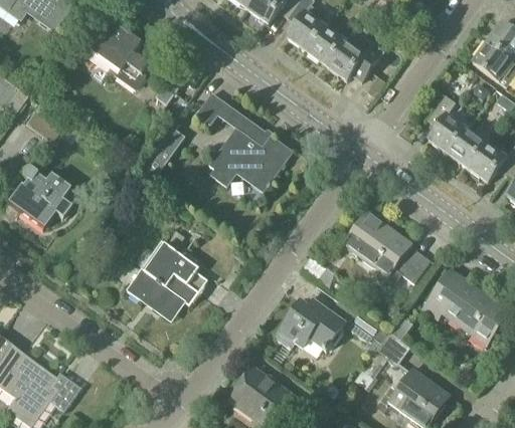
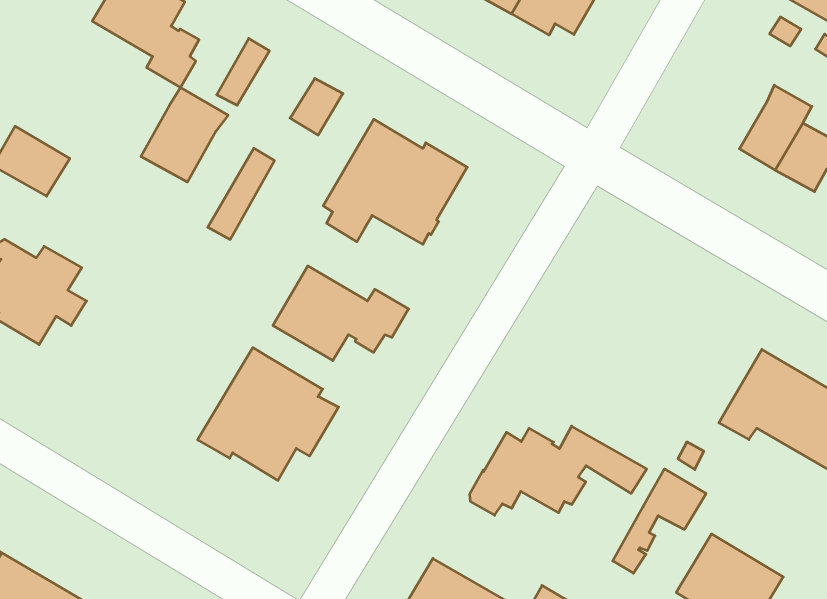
building: none -> [141,88,228,182]
building: [426,94,466,154] -> none
building: none -> [273,266,409,361]
building: [342,213,430,287] -> none

